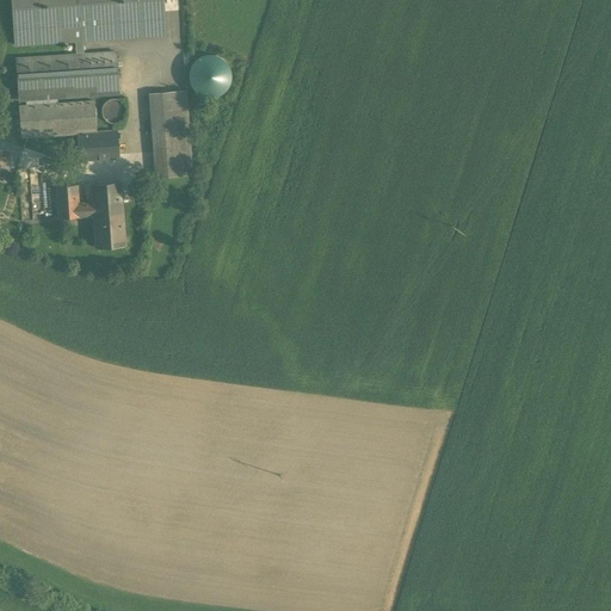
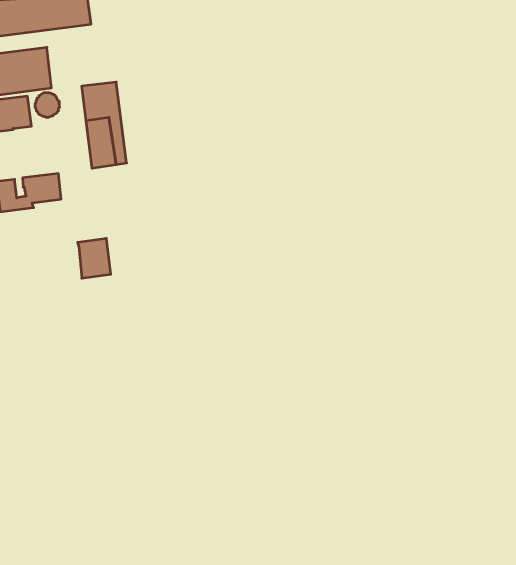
building: [189,56,230,98] -> none
building: [76,131,118,162] -> none
building: [92,209,124,248] -> [78,238,111,278]

